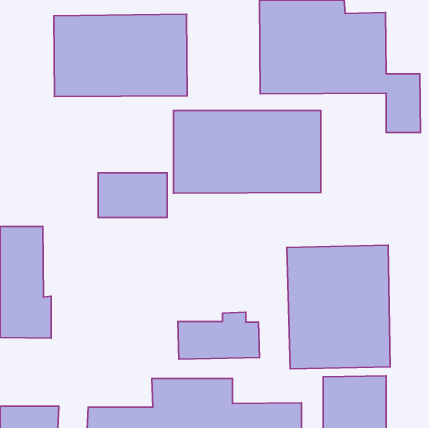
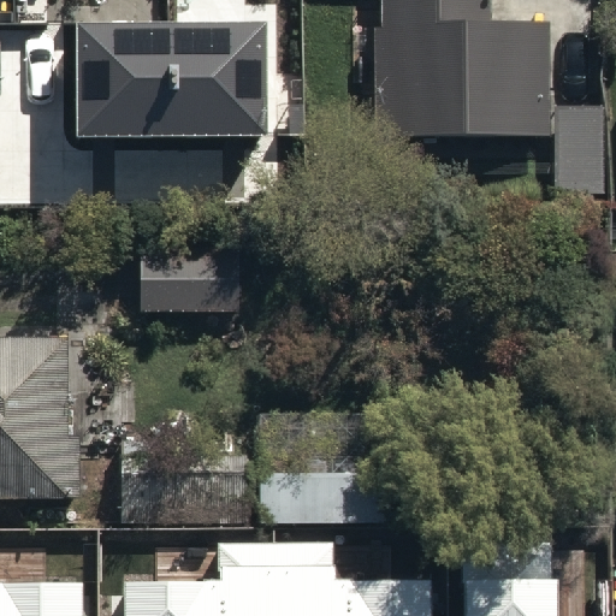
building: [173,110,321,193] -> none
building: [287,245,390,369] -> none

